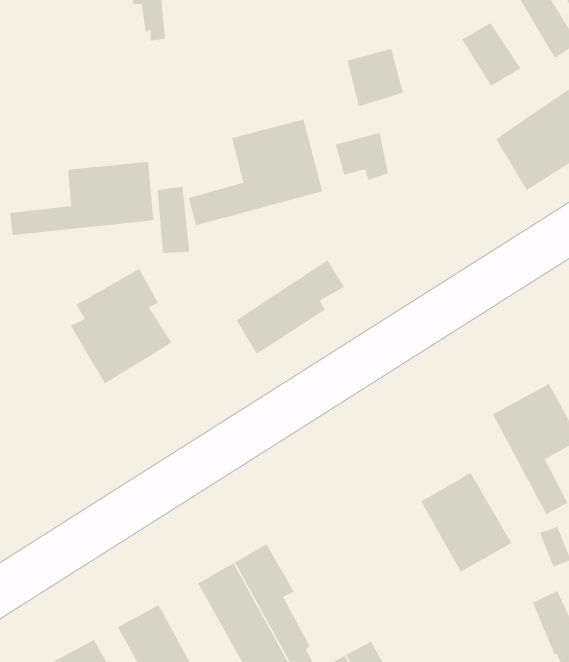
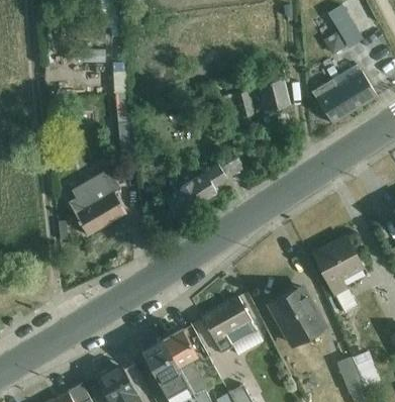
building: [461,22,521,87] -> none
building: [346,48,404,107] -> [257,78,290,112]
building: [188,119,323,226] -> none
building: [10,161,154,236] -> none
building: none -> [201,297,263,356]

